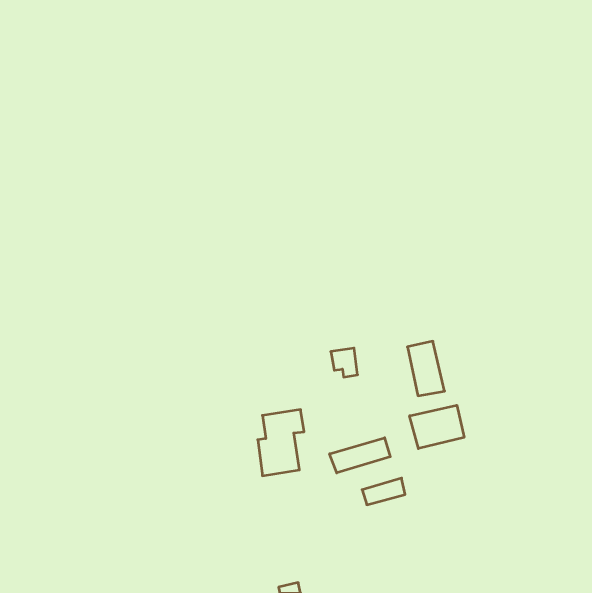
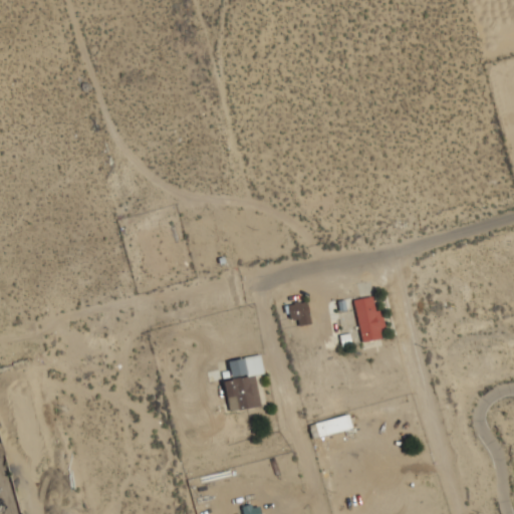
building: [410,405,464,449] -> none
building: [330,438,390,473] -> none

